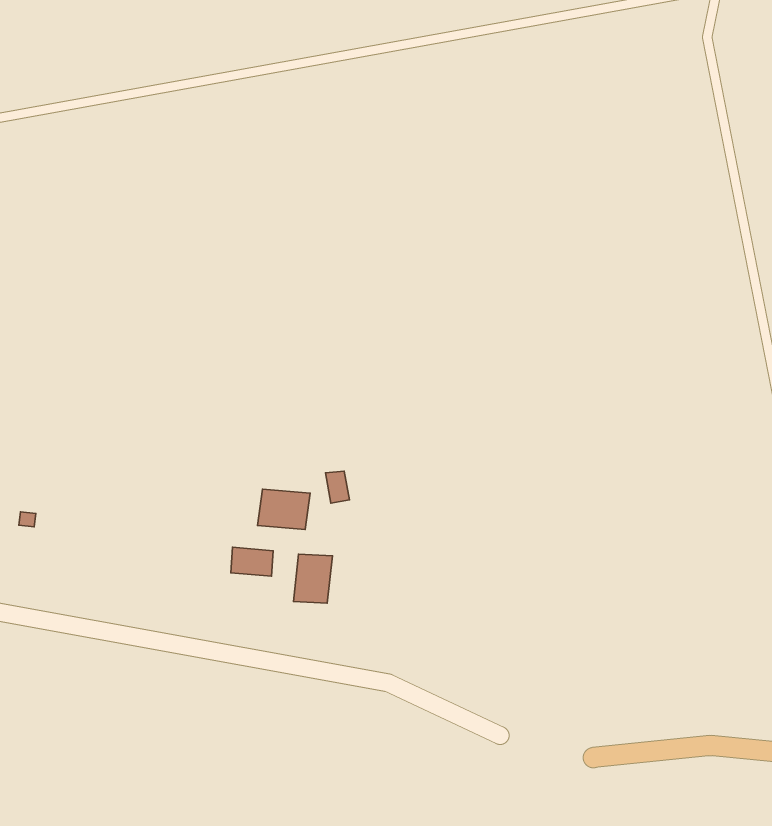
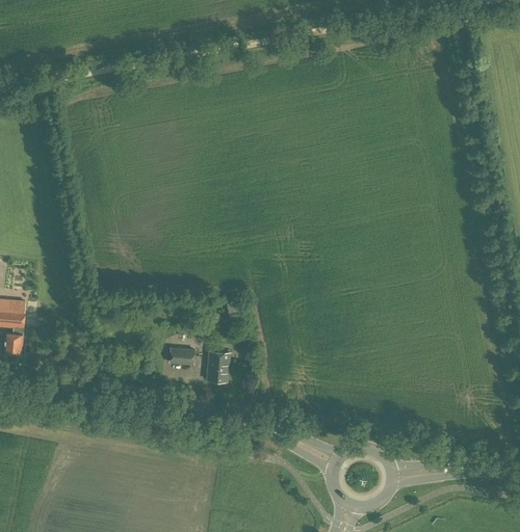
building: [257,489,310,530] -> none

